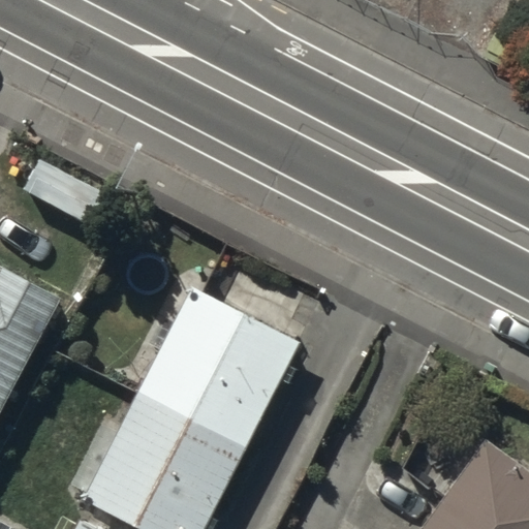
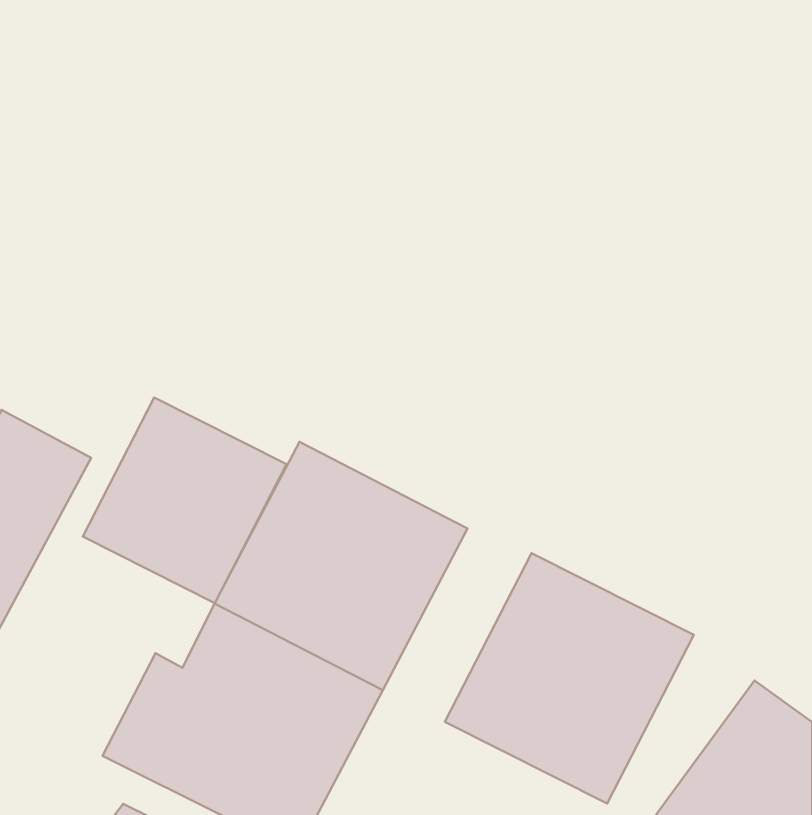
building: none -> [83,398,286,603]
building: none -> [445,553,694,804]

